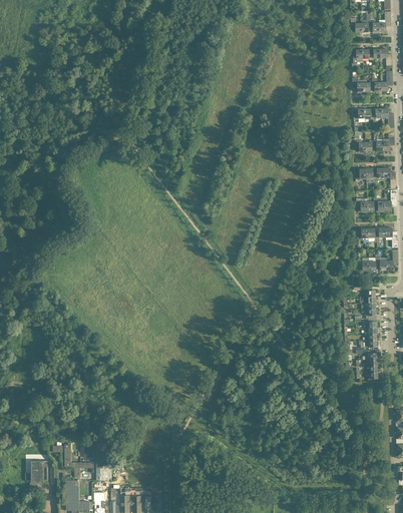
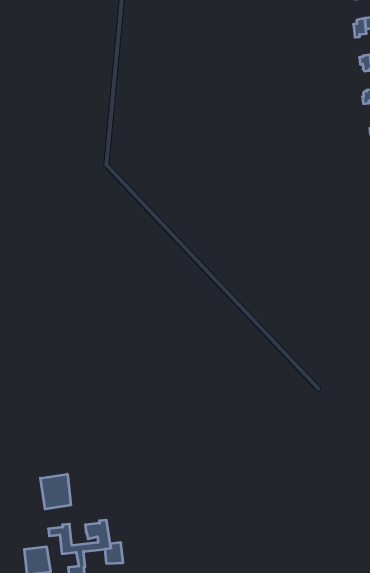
building: none -> [40,474,71,509]

